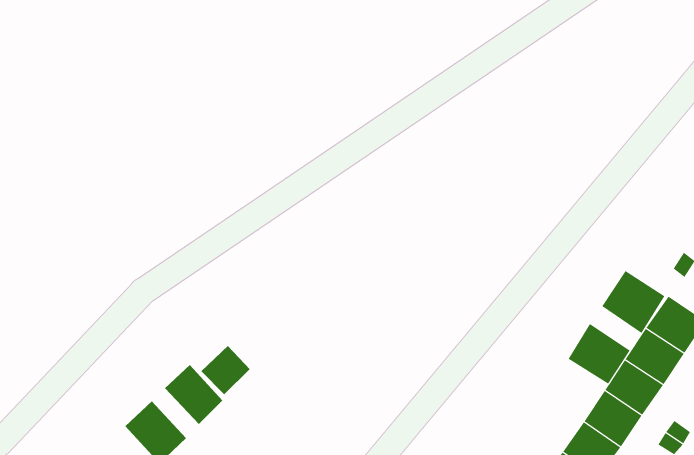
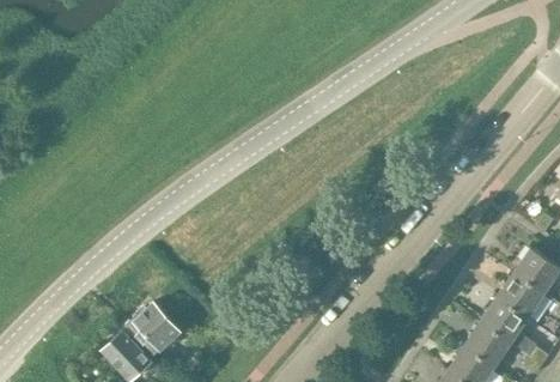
building: [601,270,665,334] -> none
building: [568,323,631,384] -> none
building: [200,345,251,395] -> none

